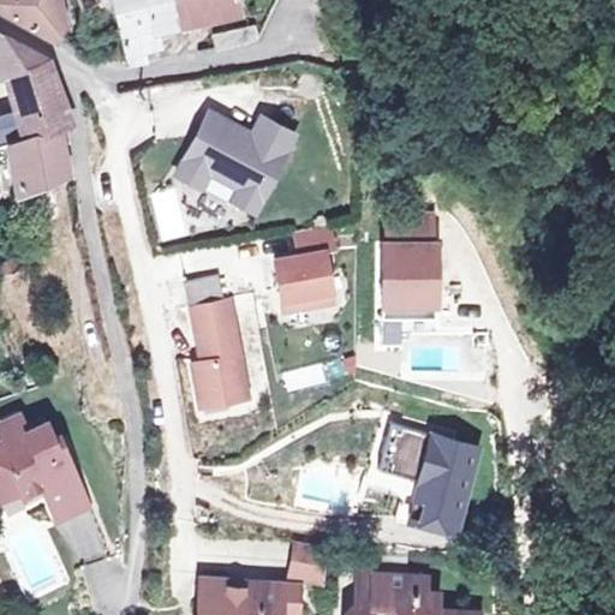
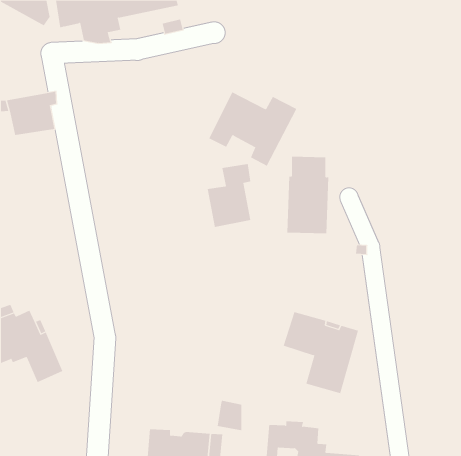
building: [6,43,76,138] -> none
building: [180,112,298,211] -> [208,92,297,167]
building: [186,275,249,405] -> none

